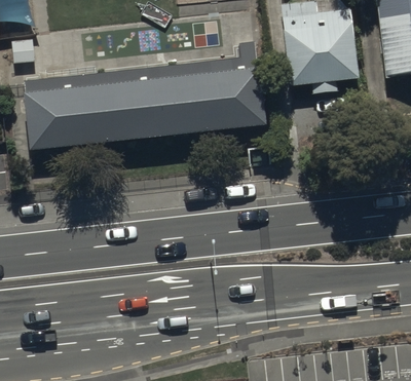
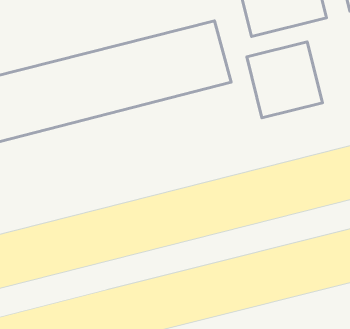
building: none -> [247,42,322,118]

